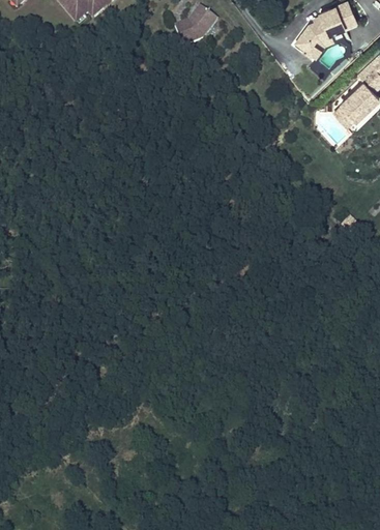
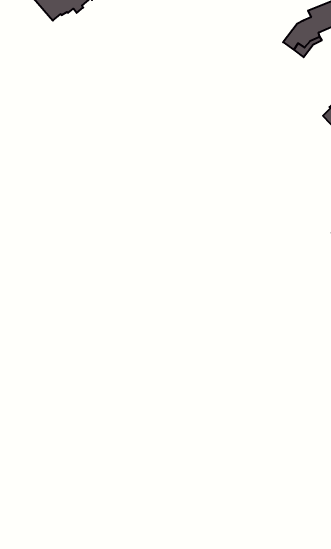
building: [175,5,218,47] -> none

